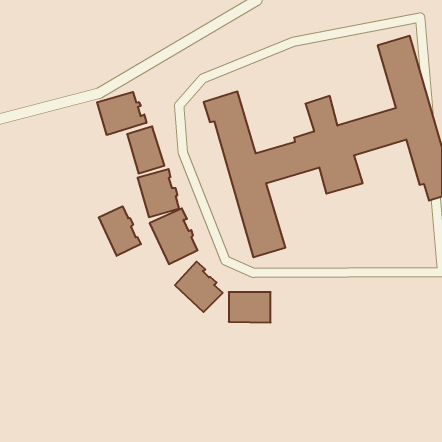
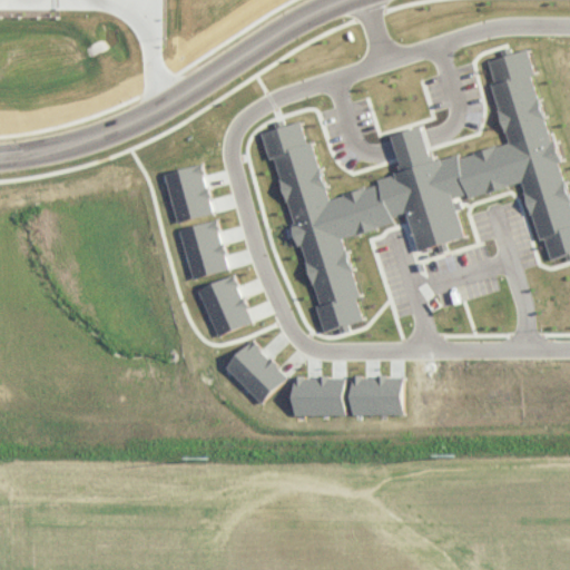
building: [97,92,146,135] -> none
building: [99,206,141,256] -> none
building: none -> [352,377,404,415]

